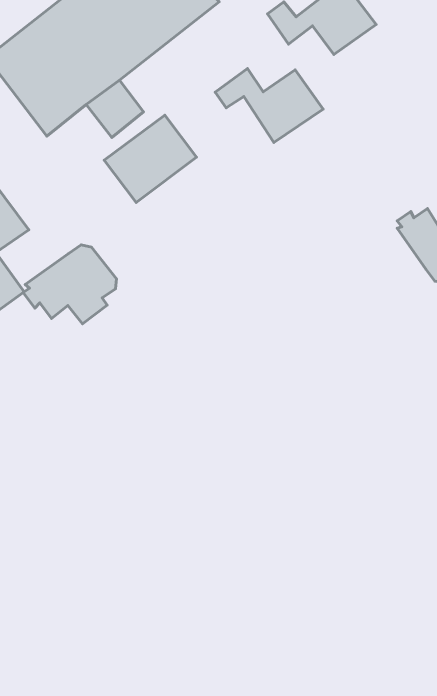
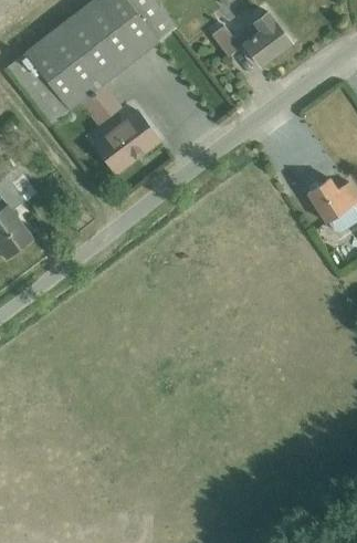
building: [215,69,323,143] -> none
building: [23,245,117,324] -> none

